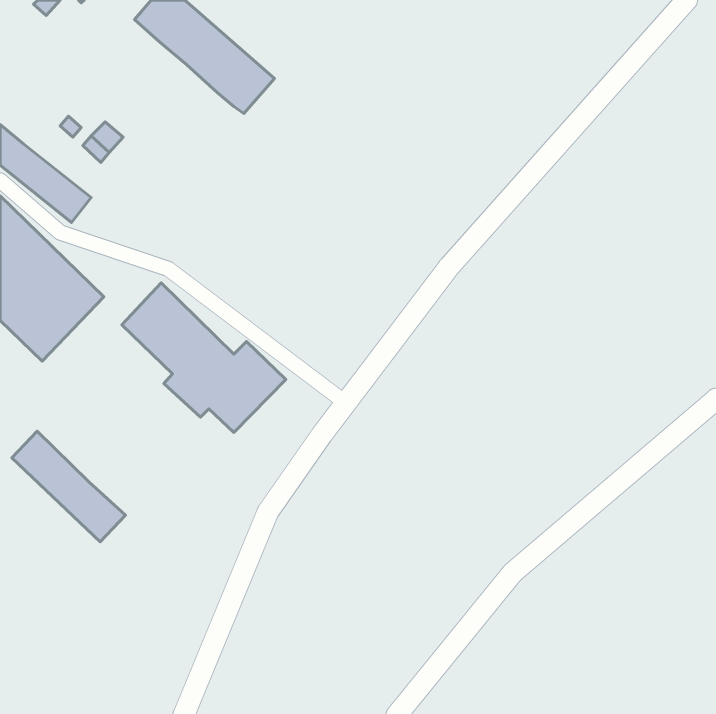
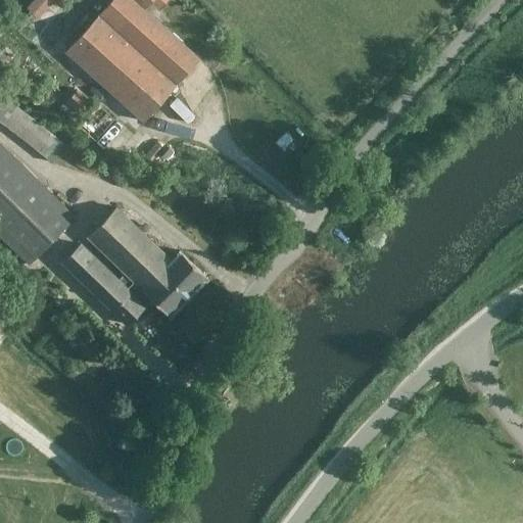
building: none -> [65,15,178,122]
building: [12,431,125,542] -> [63,244,146,325]

